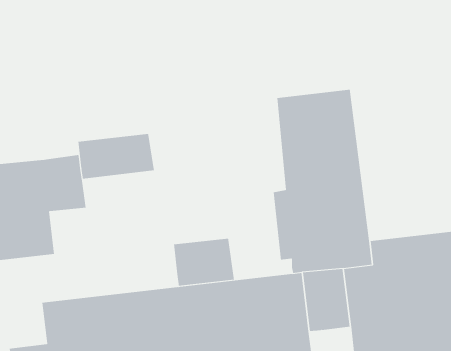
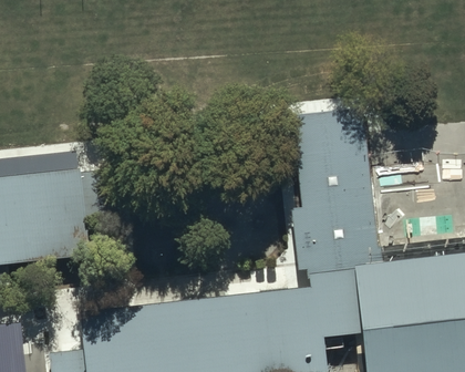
building: [78,133,155,179] -> none
building: [173,238,235,287] -> none

